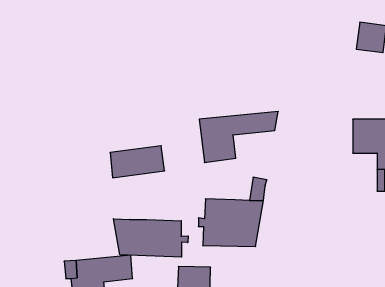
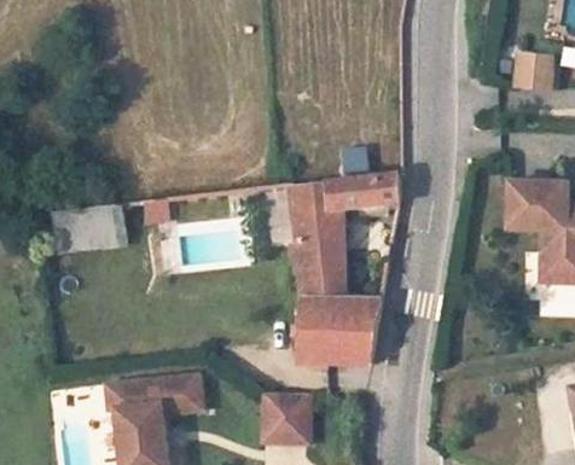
building: [110,146,165,178] -> [52,203,128,248]
building: none -> [294,240,343,298]
building: [113,219,188,257] -> none

